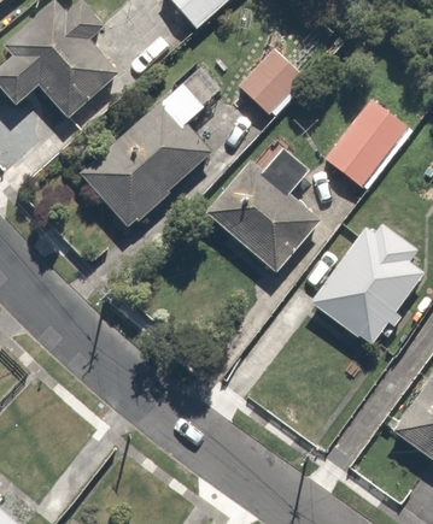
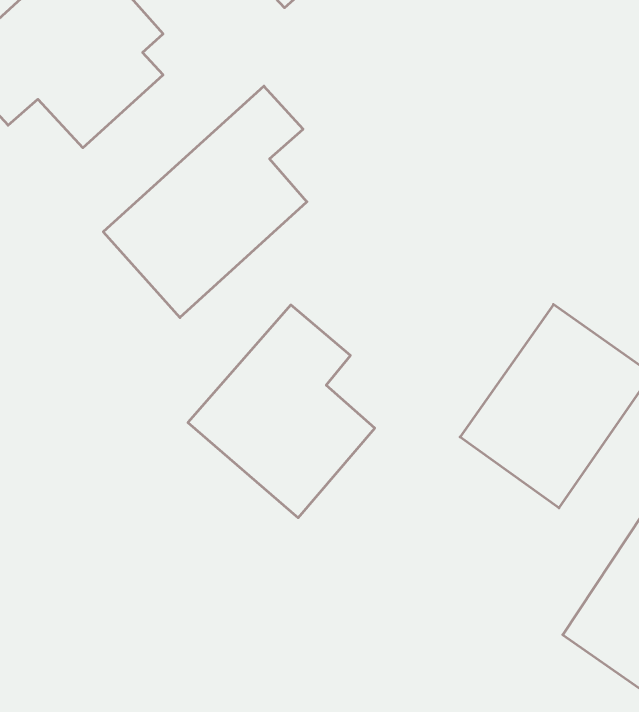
building: [235,46,309,118] -> none
building: [321,92,417,193] -> none
building: [204,136,324,273] -> [188,305,375,518]

